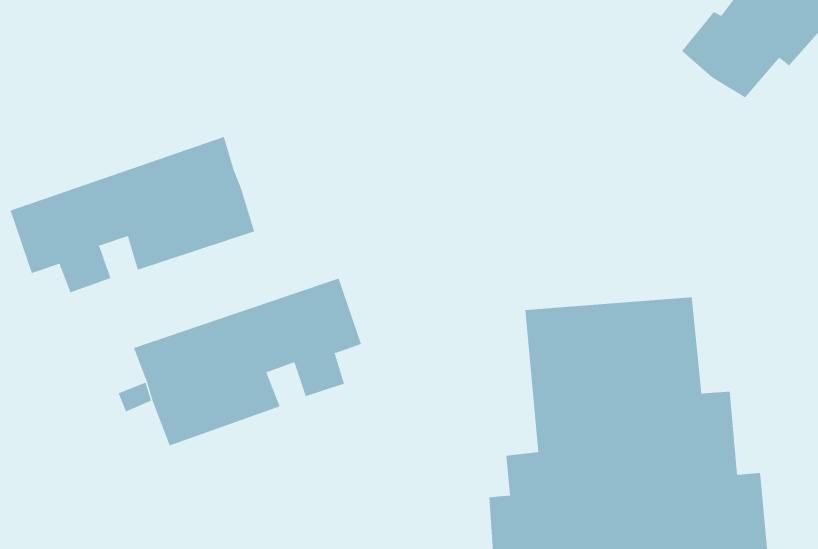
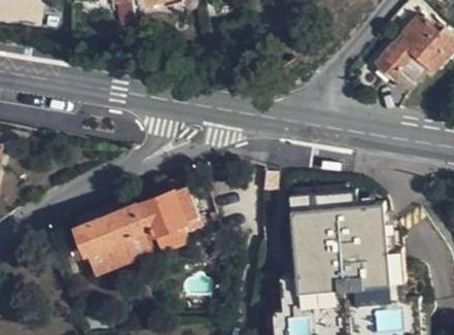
building: [10,136,255,293] -> none

